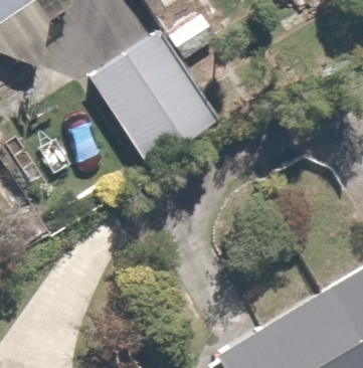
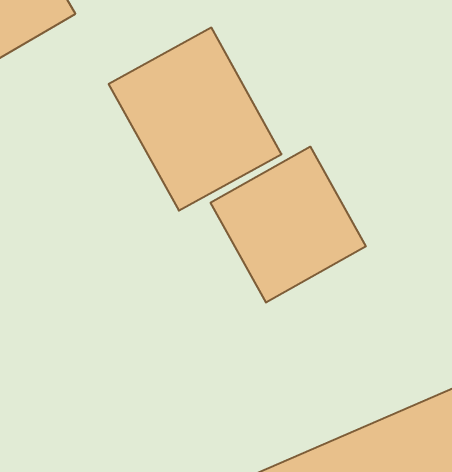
building: none -> [211,147,366,303]

